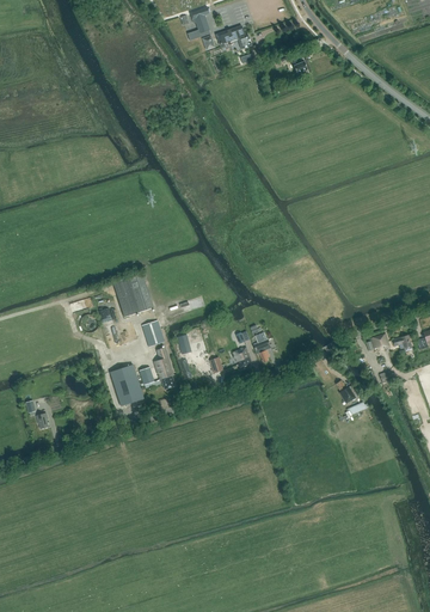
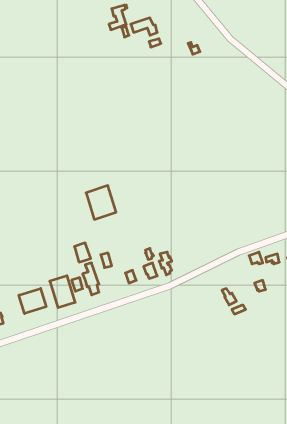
building: [113,274,153,318] -> [86,186,116,219]
building: none -> [19,288,46,314]

